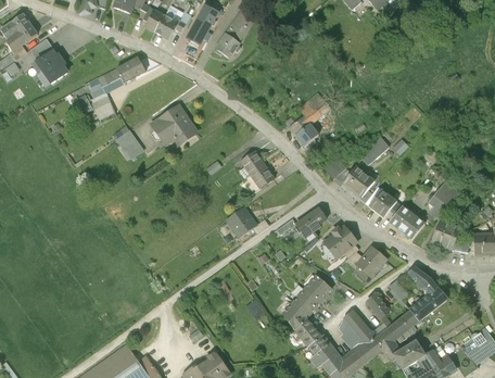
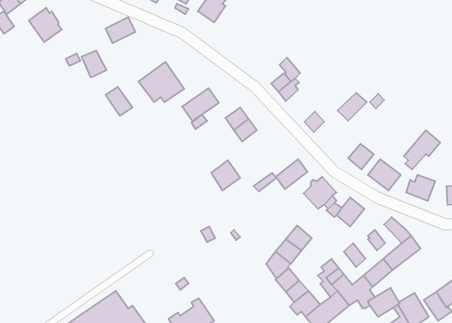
building: [86,68,123,97] -> none
building: none -> [182,88,219,121]
building: [345,167,375,197] -> none

